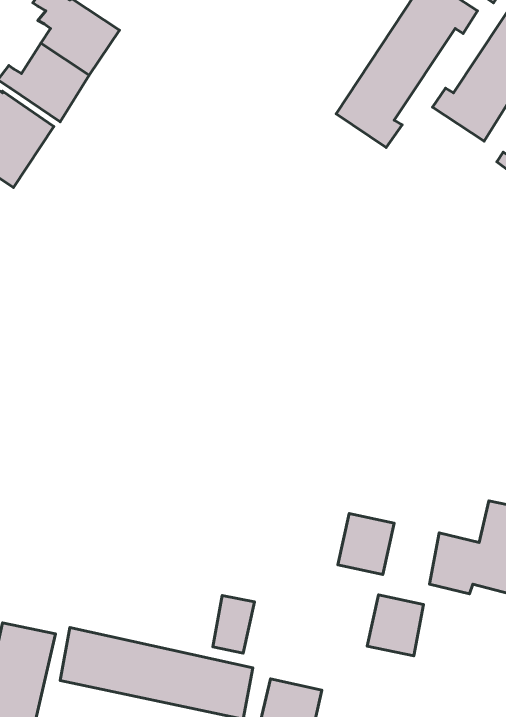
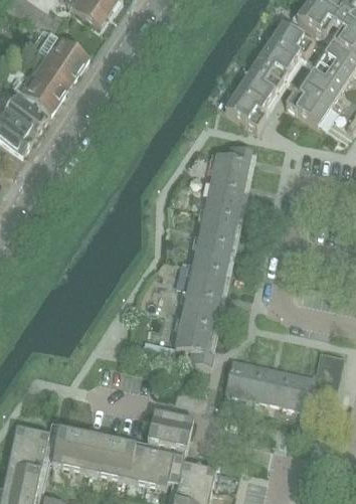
building: none -> [175,146,251,366]
building: [367,595,423,656] -> [253,364,289,402]
building: none -> [166,413,193,451]

